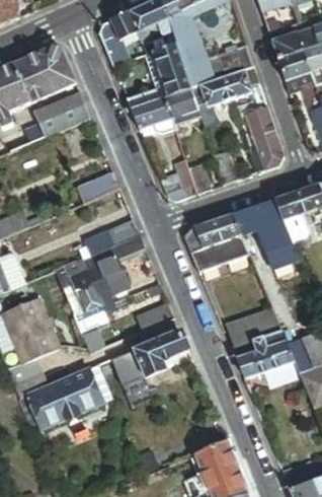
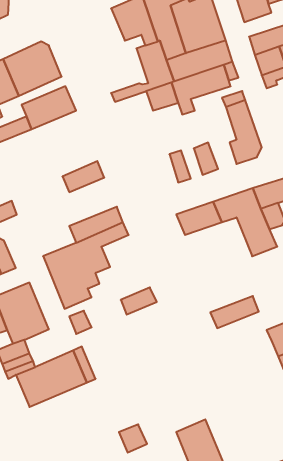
building: [98,11,145,66] -> none
building: [131,97,174,131] -> none
building: [159,158,196,200] -> none
building: [184,226,249,270] -> none
building: [233,328,294,382] -> none
building: [115,329,187,375] -> none

